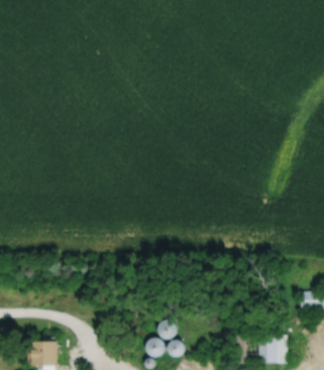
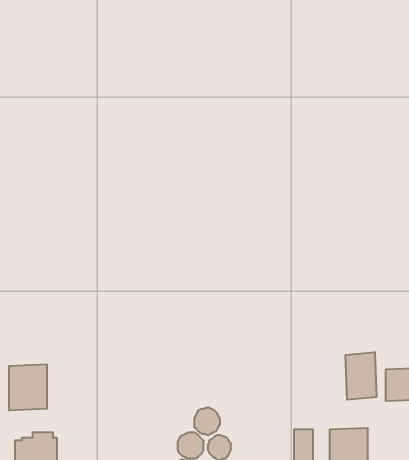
building: none -> [346,352,377,400]
building: none -> [9,364,47,411]

